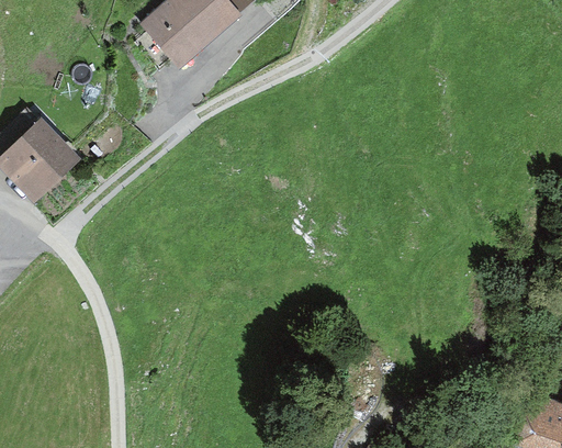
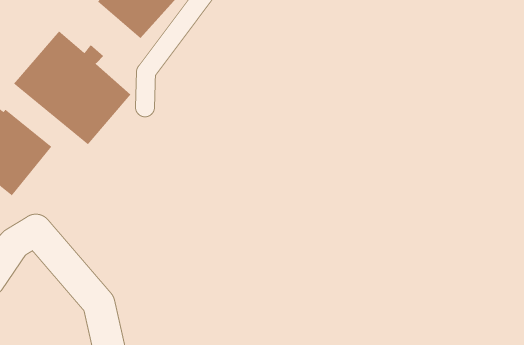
building: none -> [13,30,131,145]

